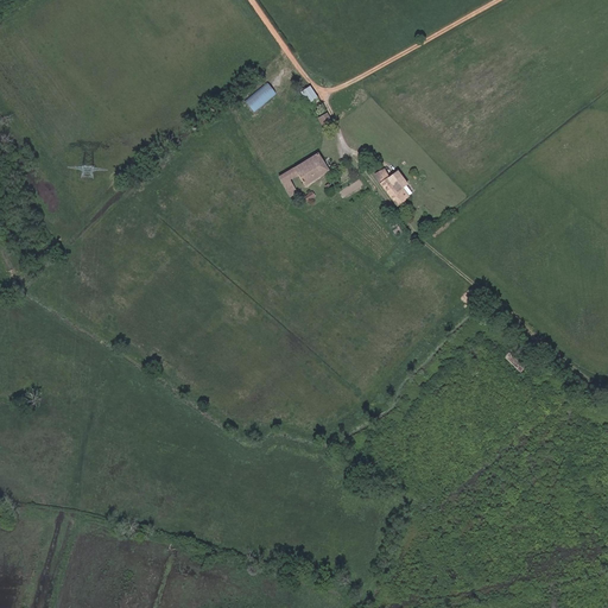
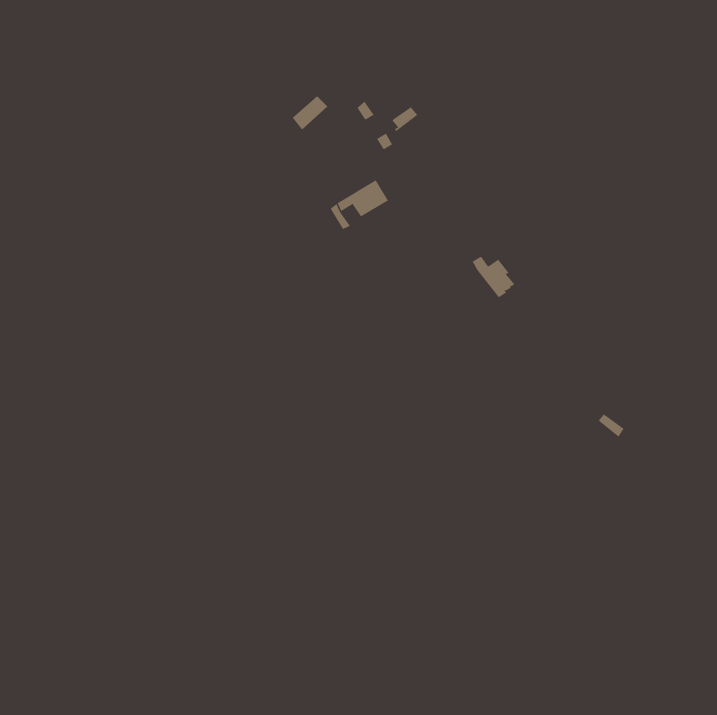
building: [375,169,412,204] -> [472,256,515,298]

